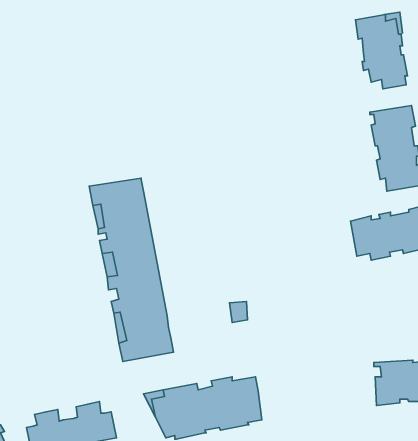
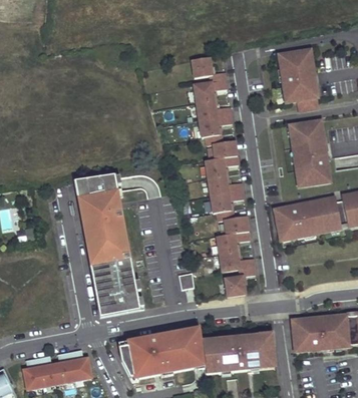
building: none -> [192,57,256,297]
building: none -> [203,334,275,373]

